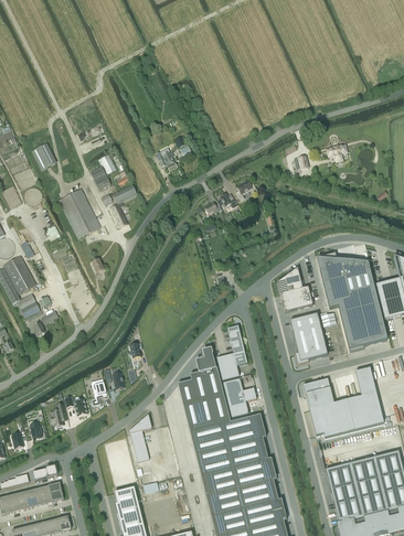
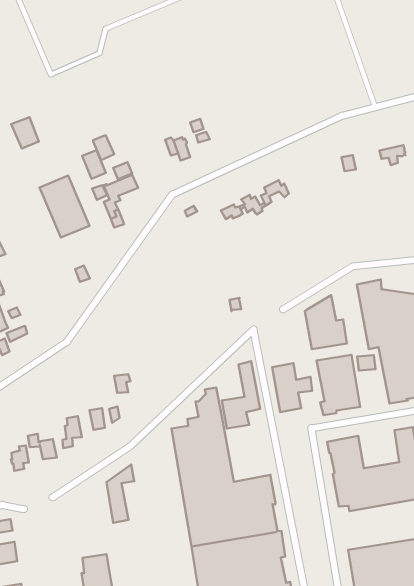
building: [223,377,256,417] -> [272,363,312,412]

